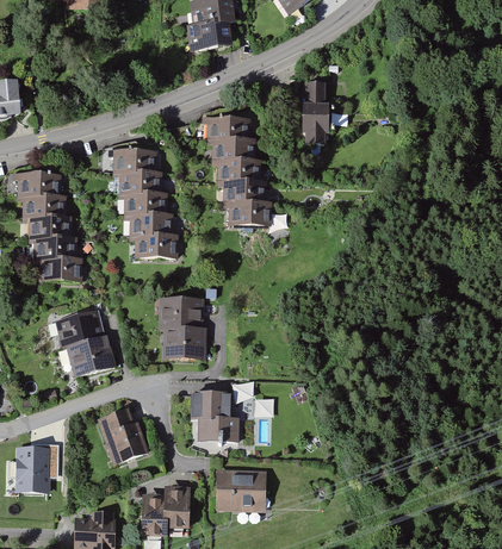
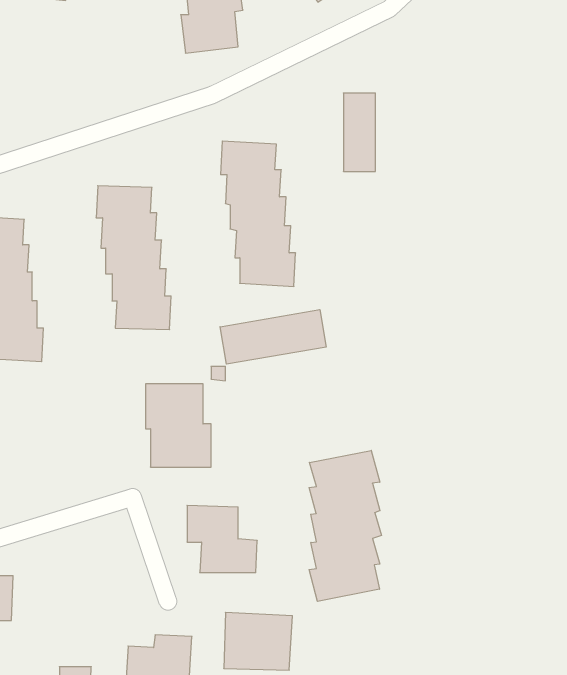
building: none -> [220,310,326,364]
building: [52,311,114,380] -> none
building: none -> [309,450,381,601]
building: [97,407,148,464] -> none

